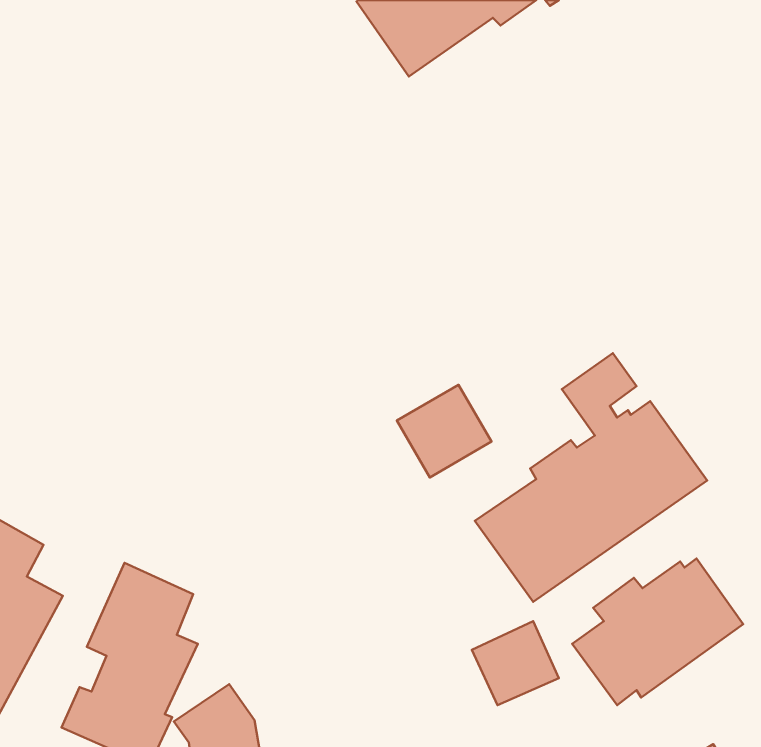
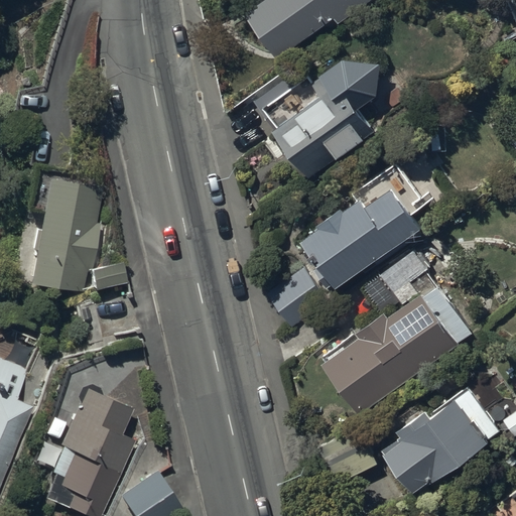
building: none -> [276,54,382,174]
building: none -> [301,164,443,281]
building: none -> [25,169,100,299]

